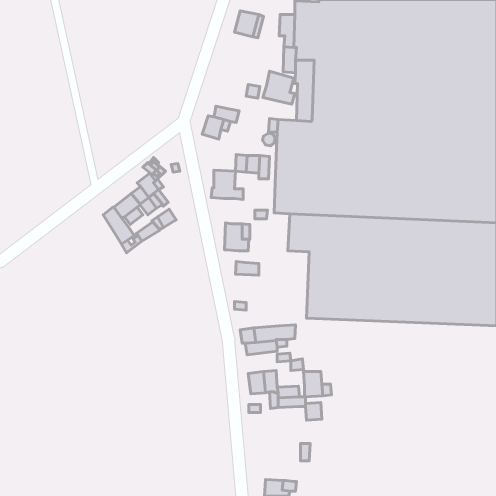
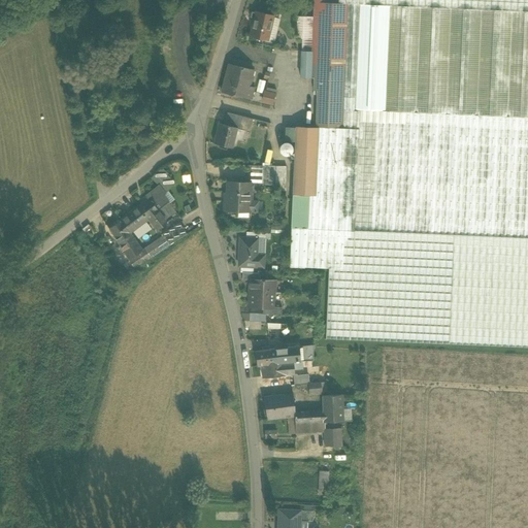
building: [263,71,295,104] -> [222,63,256,98]
building: none -> [290,226,308,266]
building: none -> [250,291,275,307]

